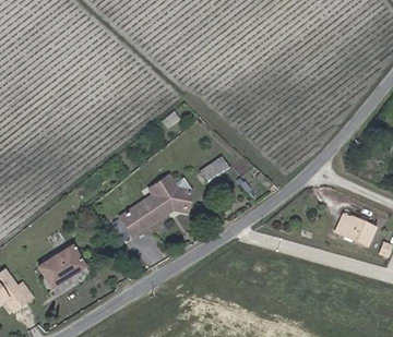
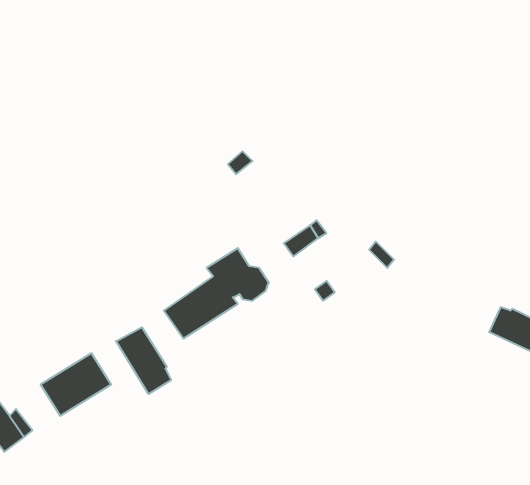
building: none -> [116,327,171,394]

